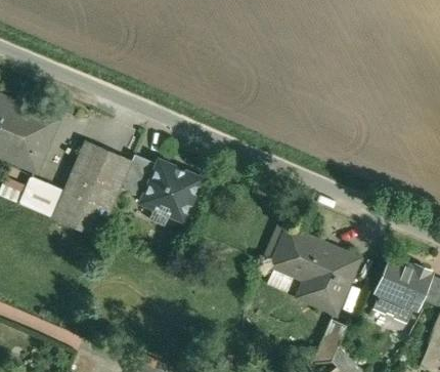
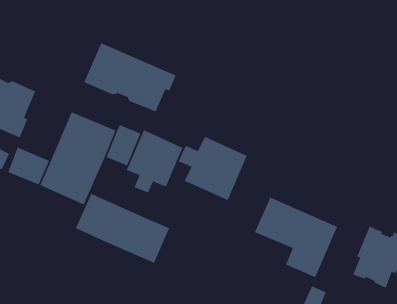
building: none -> [83,42,177,113]
building: none -> [178,136,248,201]
building: none -> [75,193,170,264]

